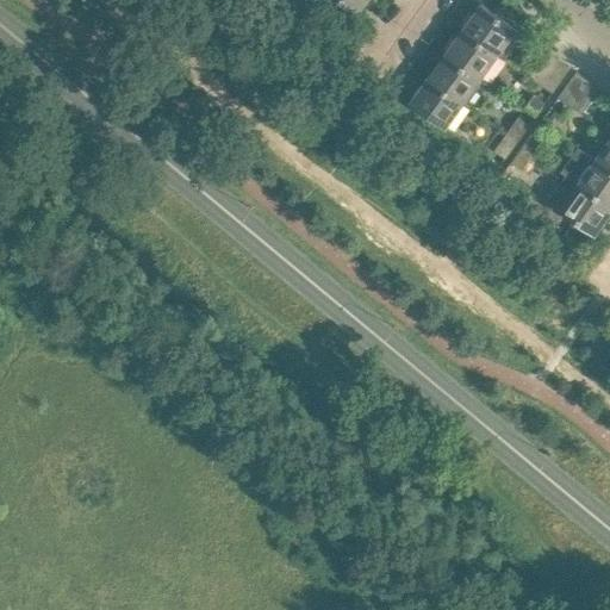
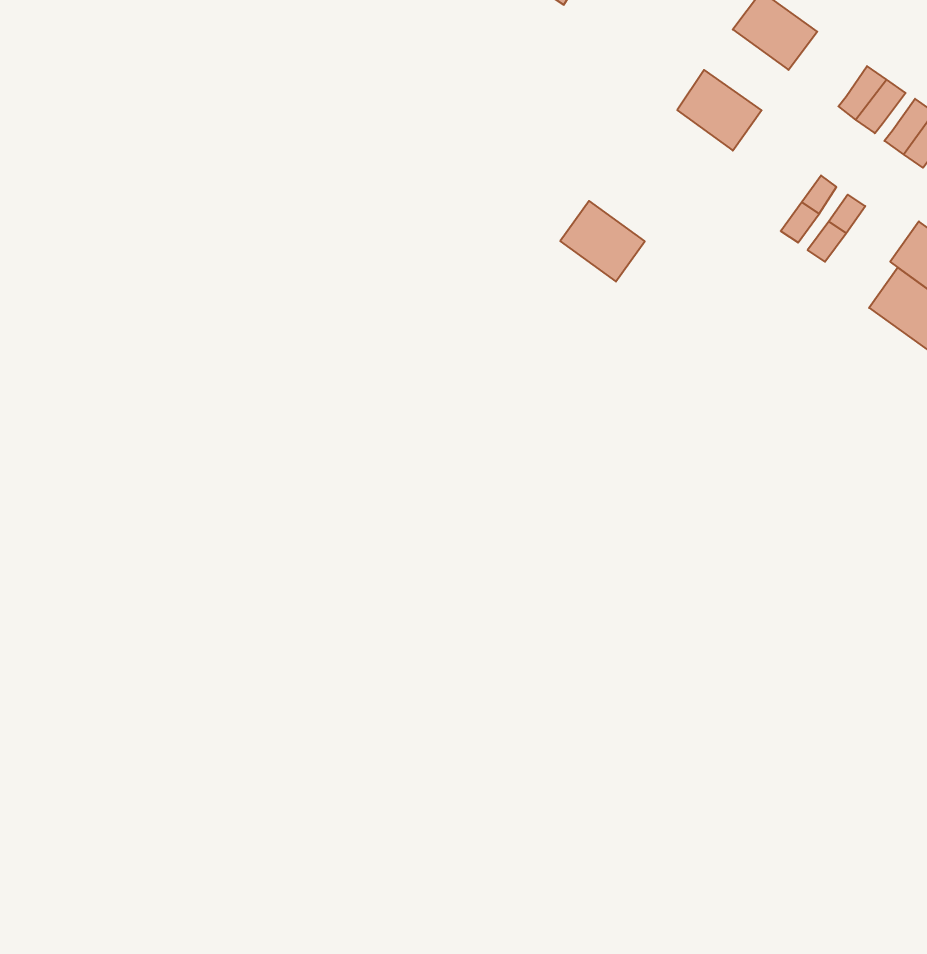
building: [446,29,498,79] -> none
building: [411,79,463,129] -> [560,201,645,282]

